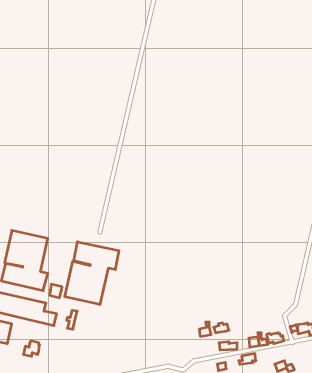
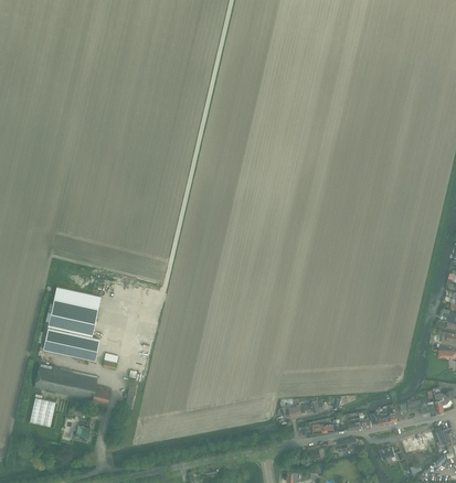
building: [65,242,119,305] -> none

